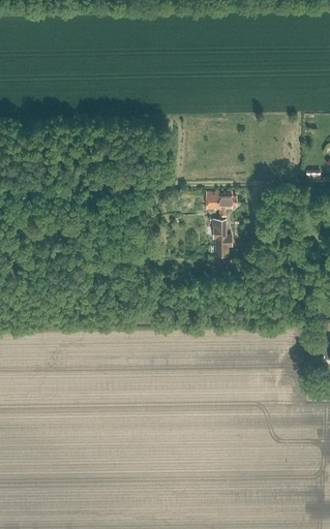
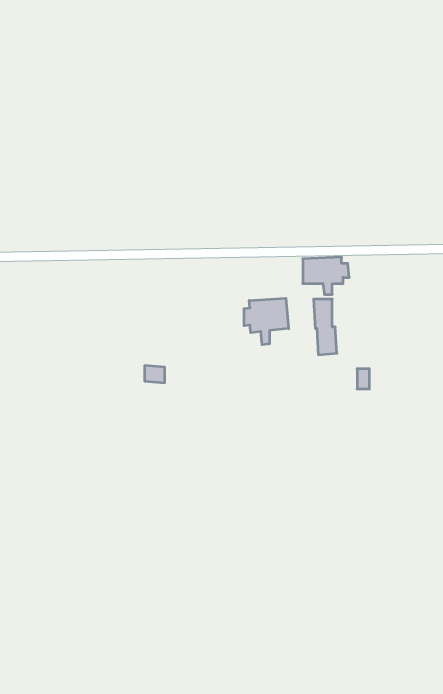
building: none -> [244,298,289,345]

